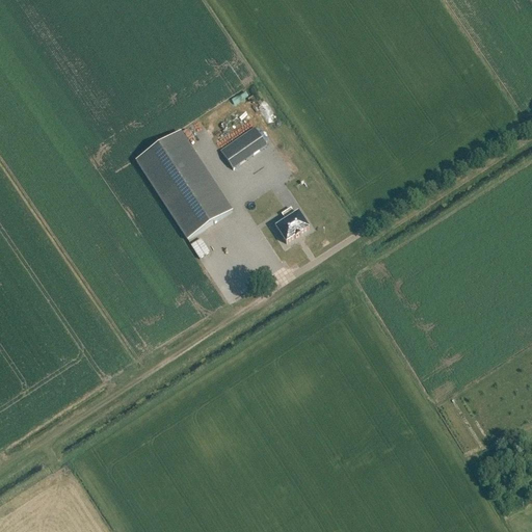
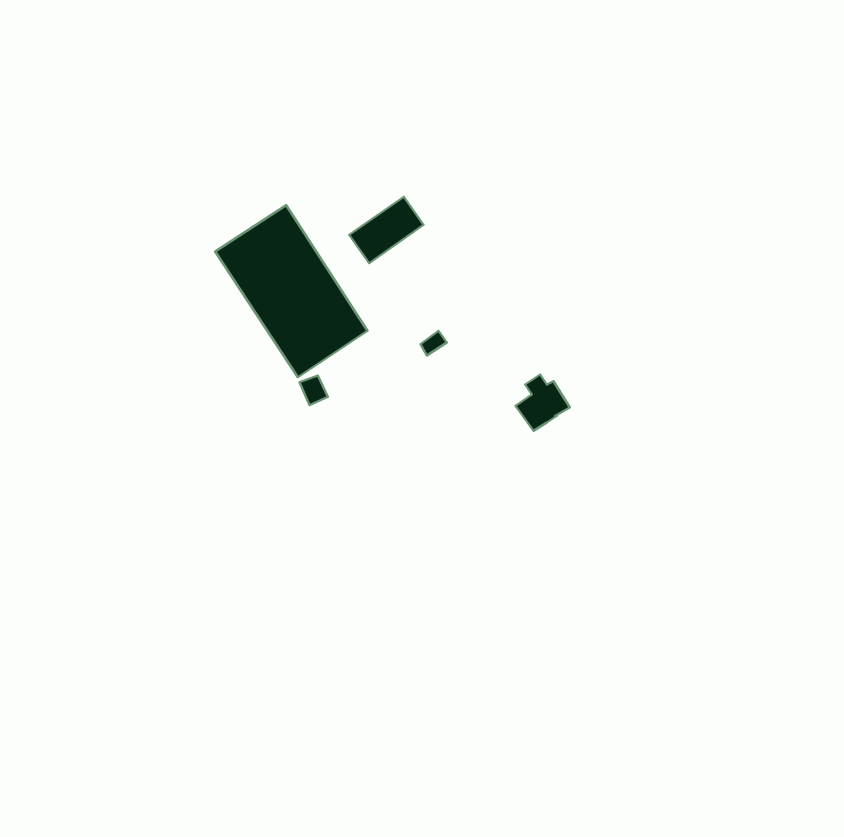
building: [274,205,309,240] -> [515,375,570,431]

